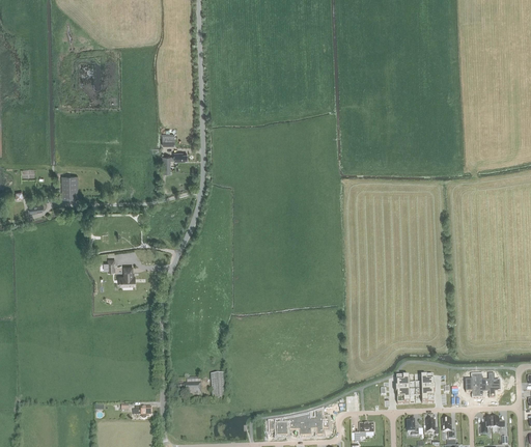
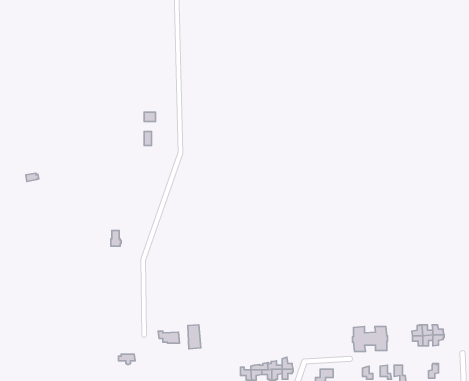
building: [61,174,78,198] -> none

